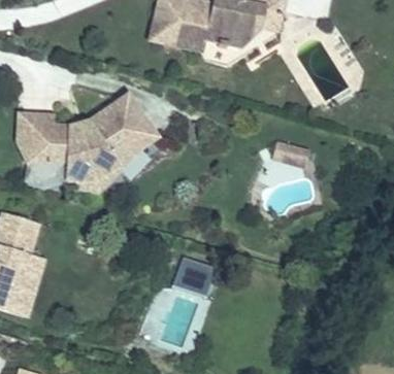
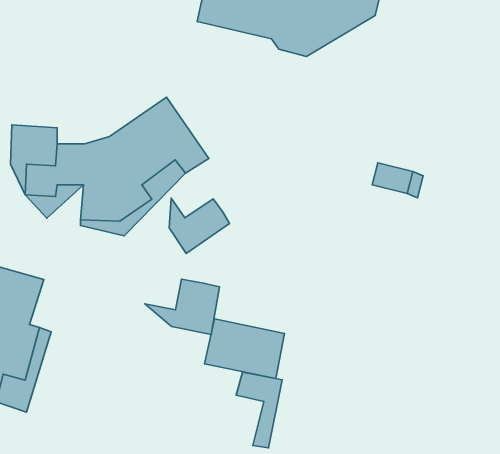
building: none -> [169,198,230,254]
building: none -> [145,279,220,334]
building: none -> [236,372,282,448]

